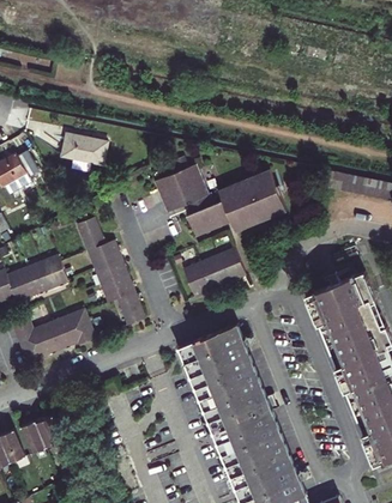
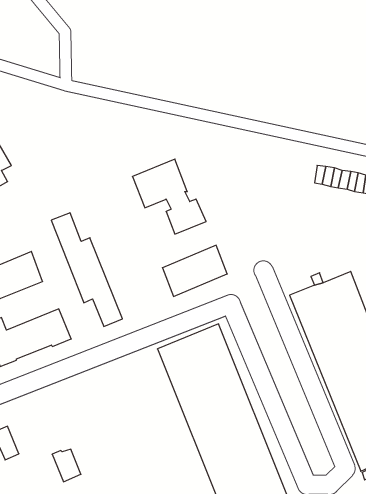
building: [62,133,107,170] -> none
building: [216,169,285,231] -> none
building: [35,416,62,447] -> [52,449,81,482]

